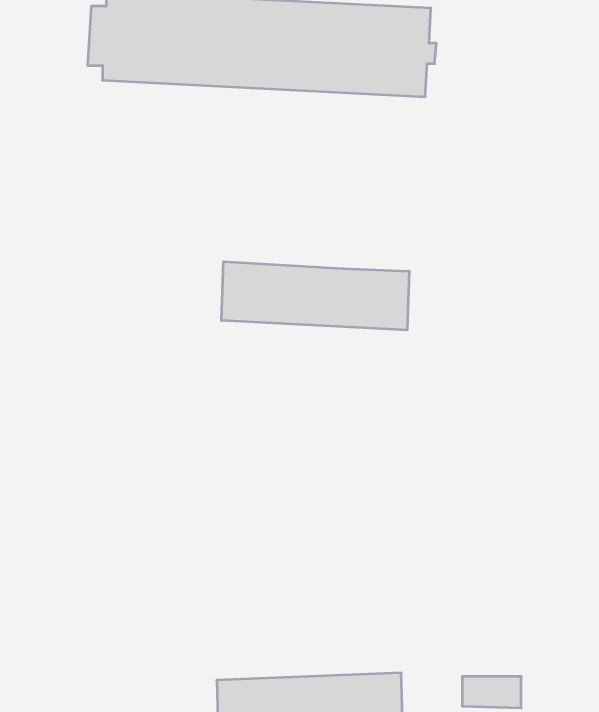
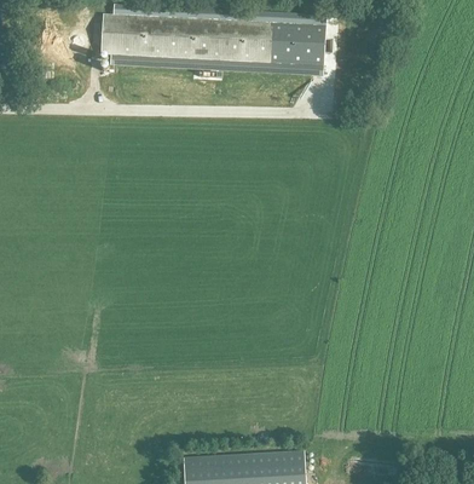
building: [221,262,409,330] -> none

